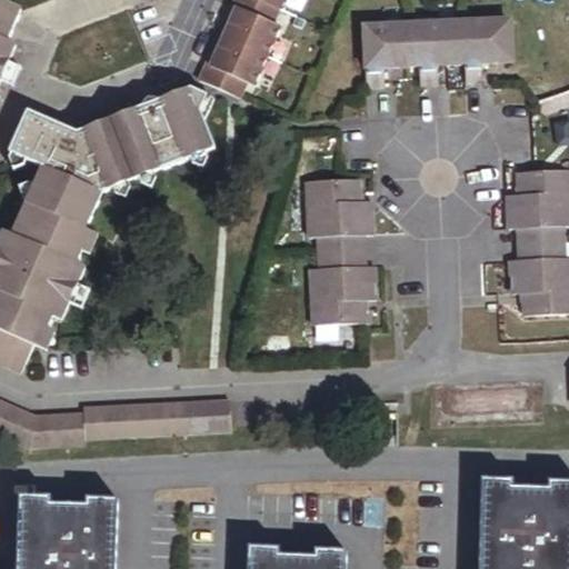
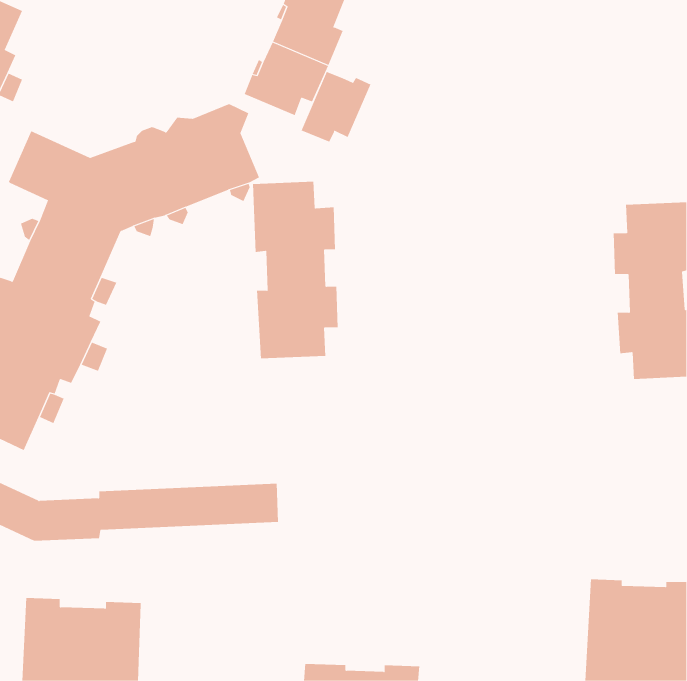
building: [362,16,512,84] -> none
building: none -> [301,71,371,142]
building: [305,177,376,323] -> [252,181,338,359]

